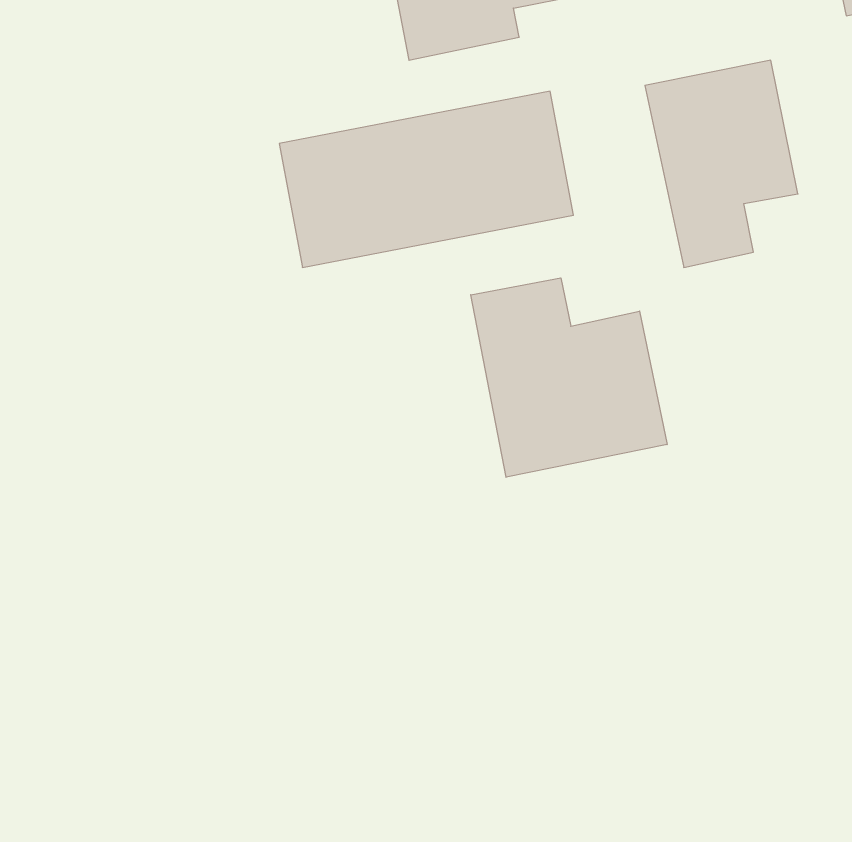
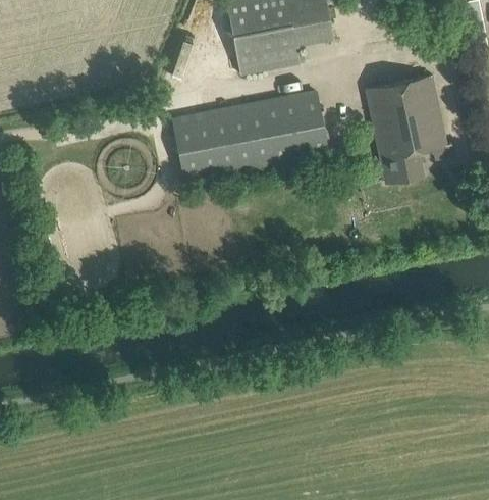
building: [471,278,667,477] -> none

